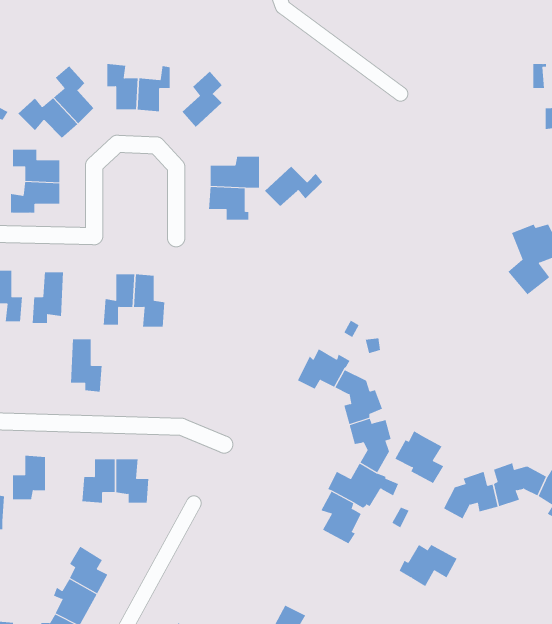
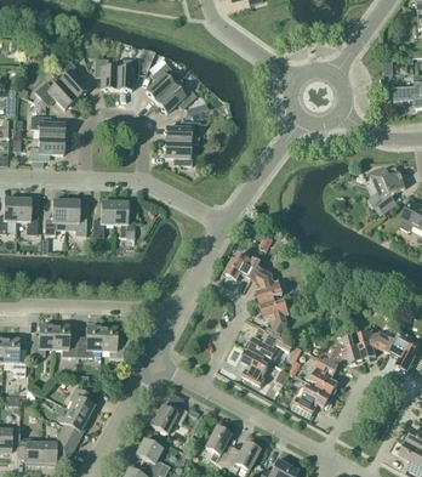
building: [264,166,323,207] -> [155,84,195,112]
building: [70,339,102,392] -> [64,199,86,235]
building: [394,430,444,484] -> [304,357,338,393]
building: none -> [53,325,75,356]
building: none -> [150,392,199,433]

